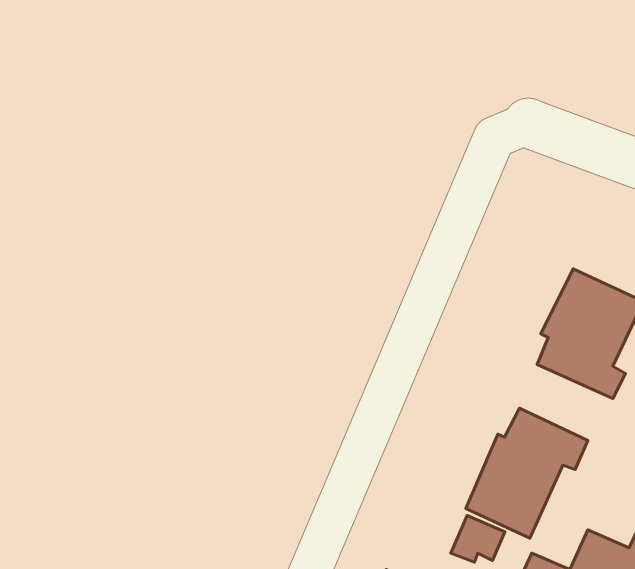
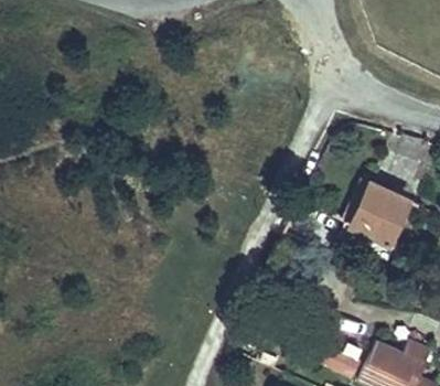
building: [466,408,588,538] -> none

